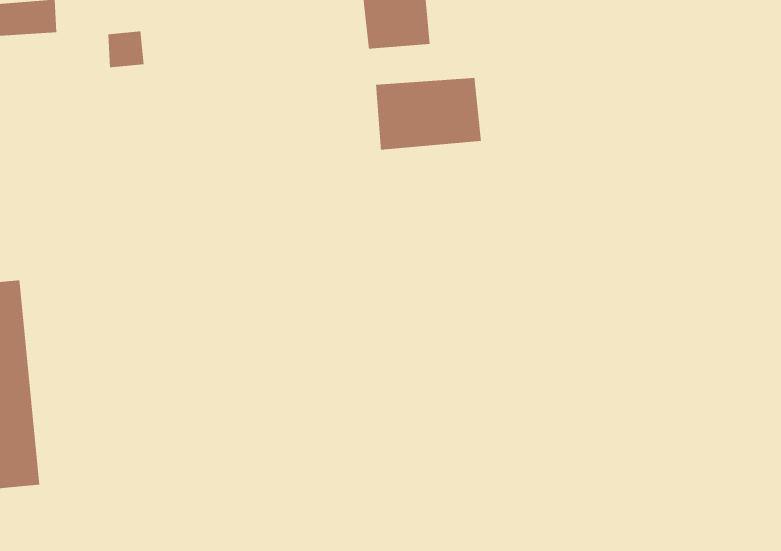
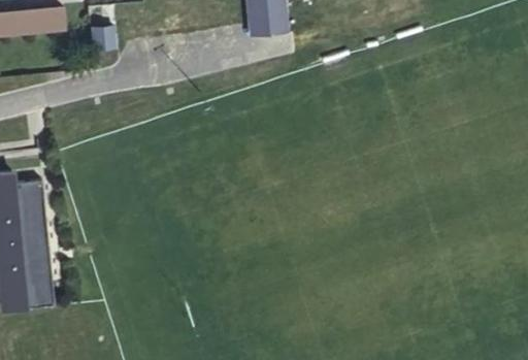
building: [375,77,482,151] -> none

